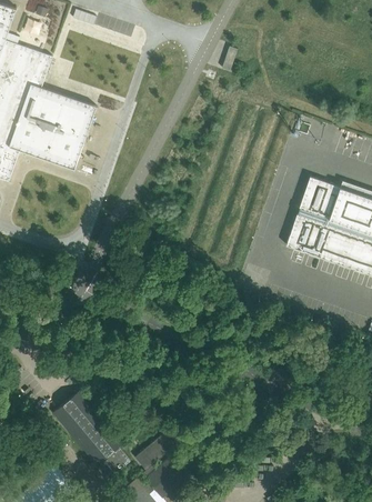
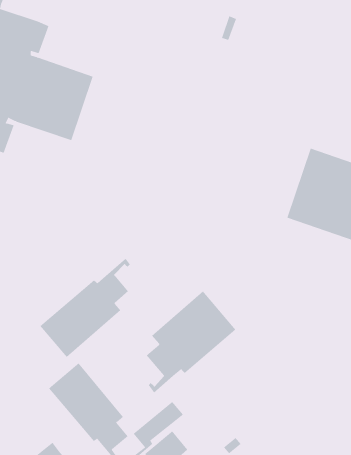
building: none -> [40,258,130,358]
building: none -> [146,290,236,393]

